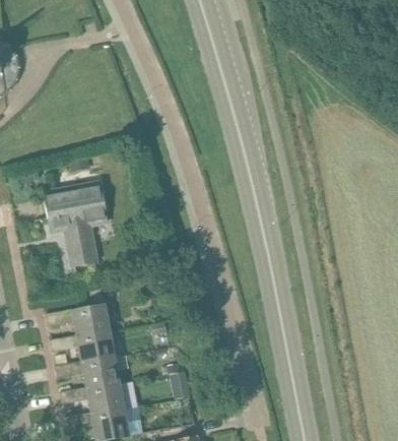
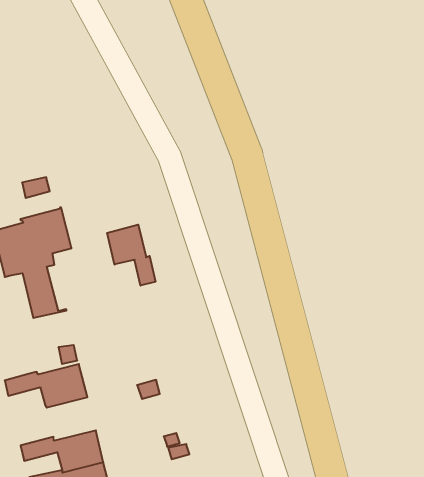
building: none -> [107,225,155,286]
building: [50,330,115,363] -> none

